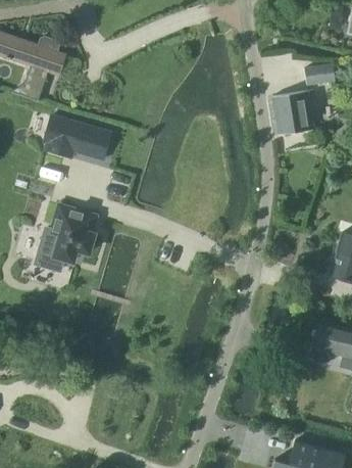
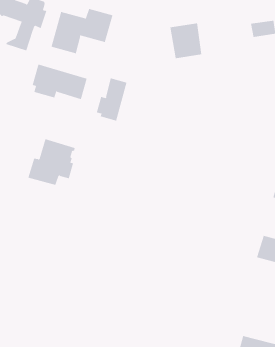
building: none -> [51,8,113,54]
building: [271,92,310,135] -> [170,23,202,59]
building: none -> [96,78,127,121]

